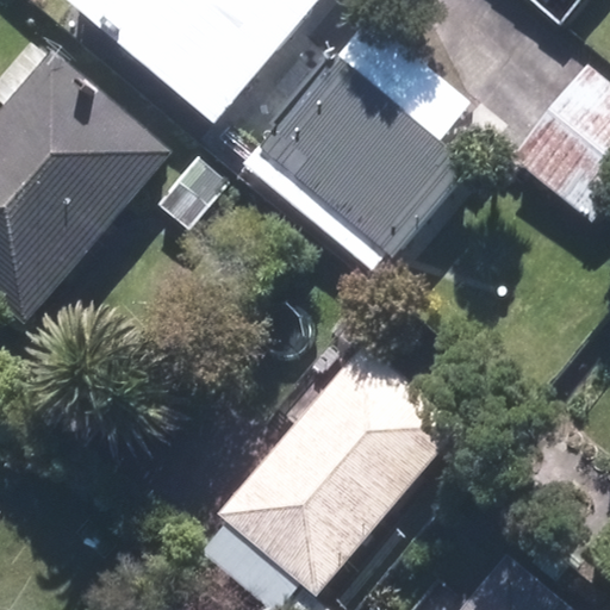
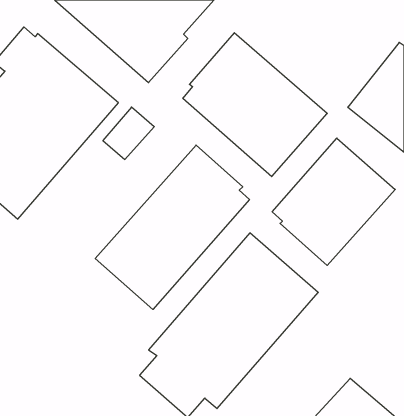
building: none -> [272,138,395,265]
building: none -> [95,145,249,309]

